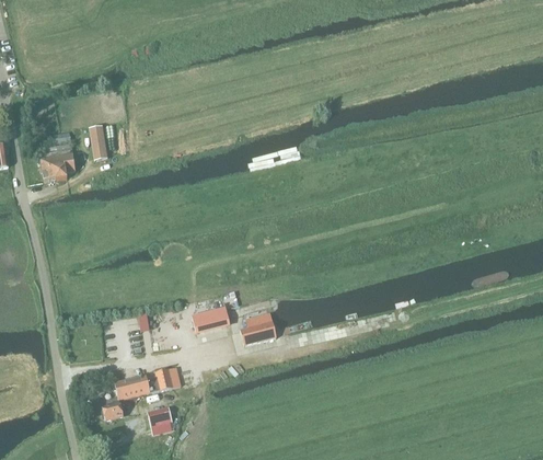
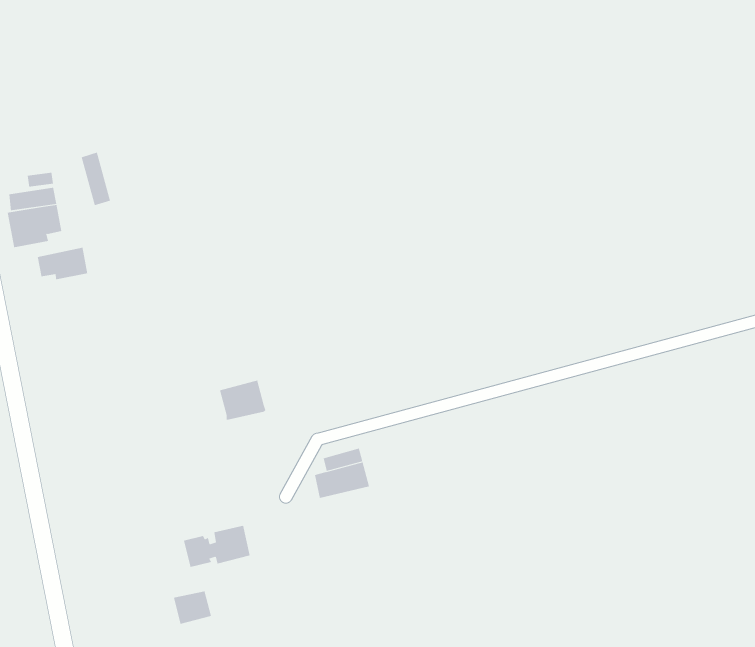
building: none -> [37,247,88,280]
building: [199,306,230,332] -> [219,380,266,420]
building: [101,375,150,421] -> none

